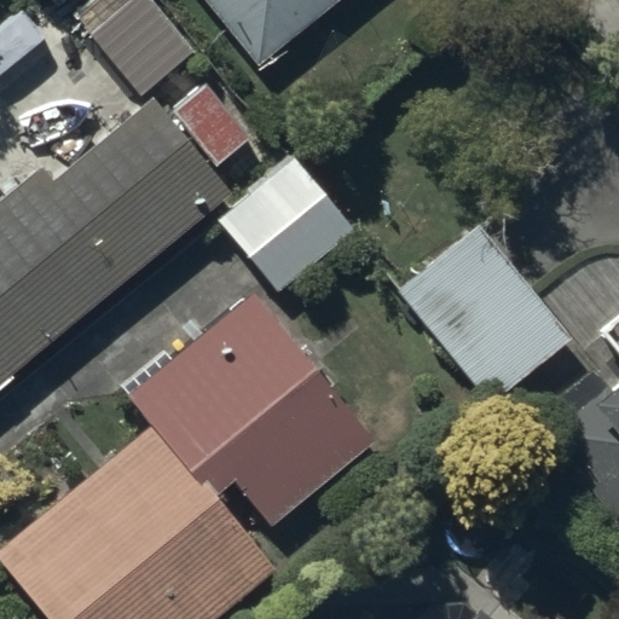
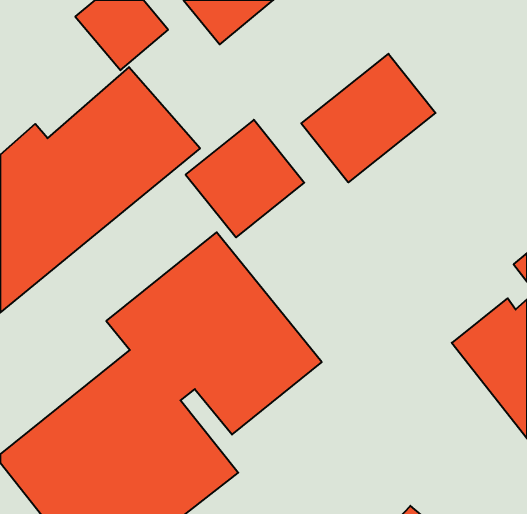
building: none -> [301,54,436,182]
building: [398,222,573,405] -> none

